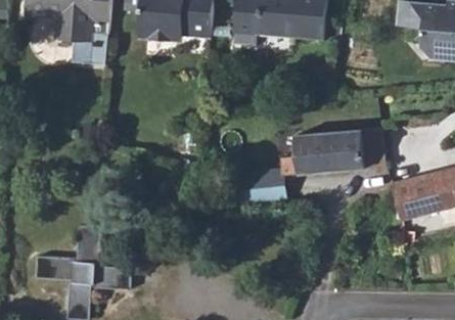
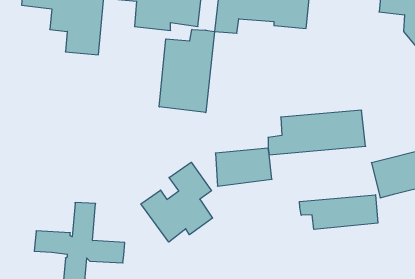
building: none -> [159,29,214,113]
building: none -> [141,162,213,242]
building: none -> [299,195,378,229]

